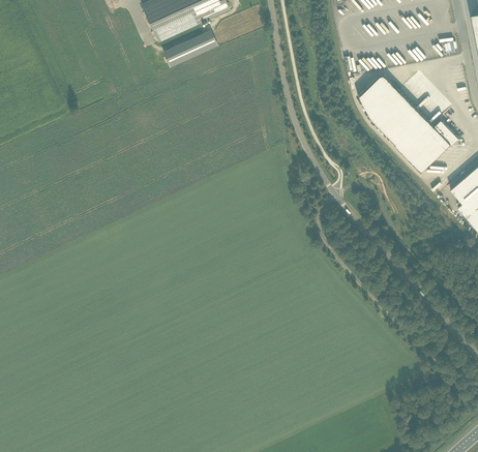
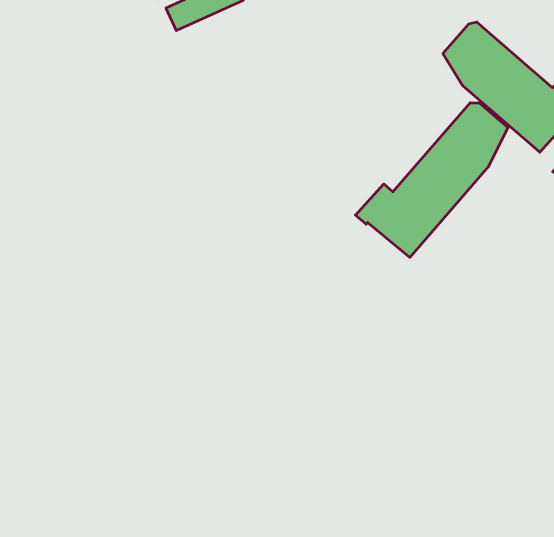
building: none -> [355,103,508,257]

